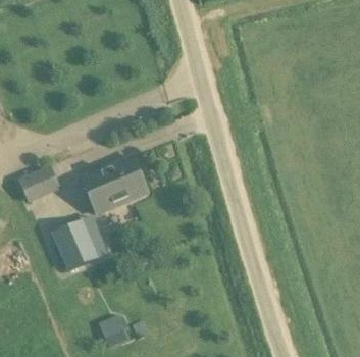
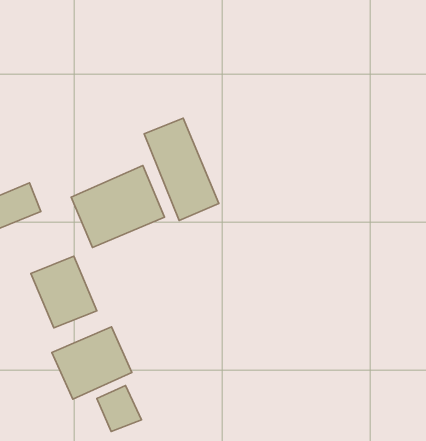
building: none -> [144,118,219,220]
building: none -> [52,327,132,399]

